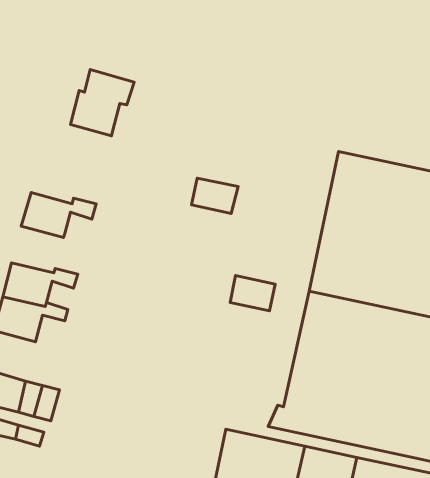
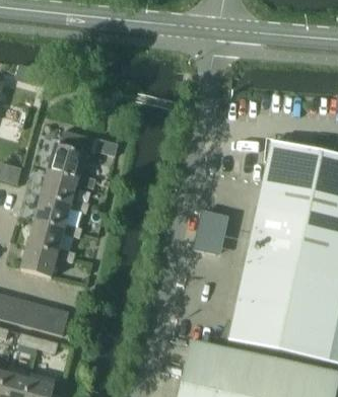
building: [71,70,134,136] -> [49,131,94,178]
building: [192,178,238,213] -> [196,211,229,236]
building: none -> [35,194,88,228]

